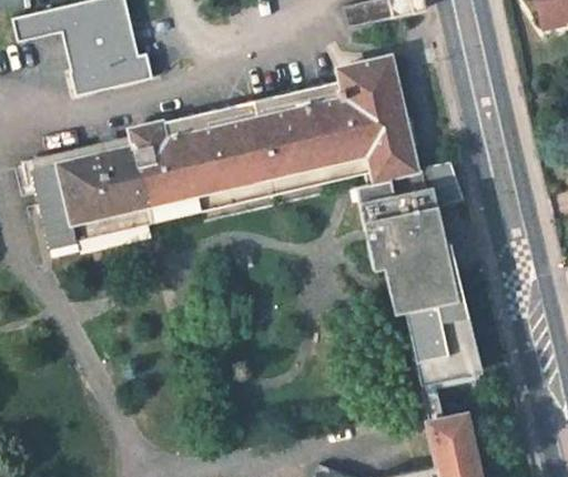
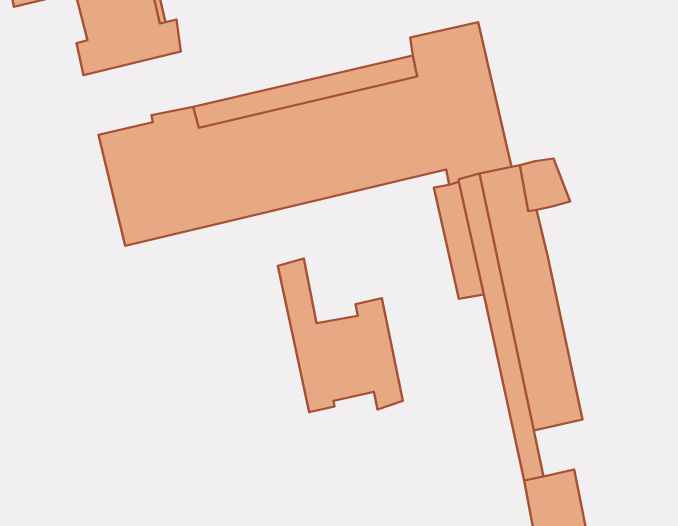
building: [31,145,110,258] -> none
building: none -> [278,258,403,412]

